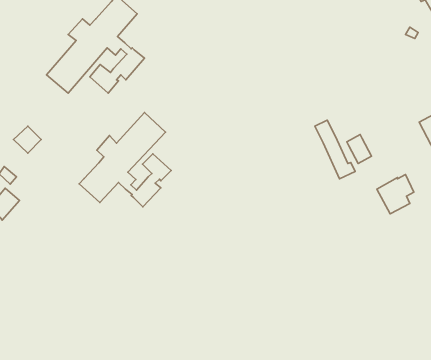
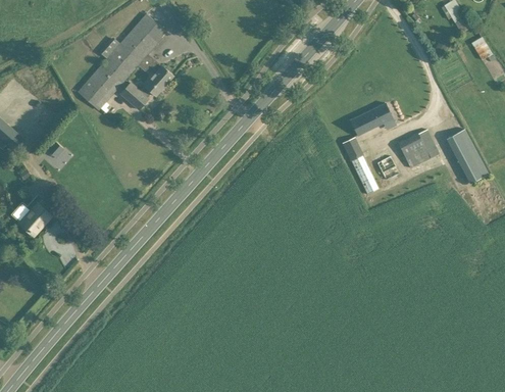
building: none -> [349,103,392,136]
building: [79,113,171,207] -> none
building: [377,175,414,214] -> [397,130,434,168]

